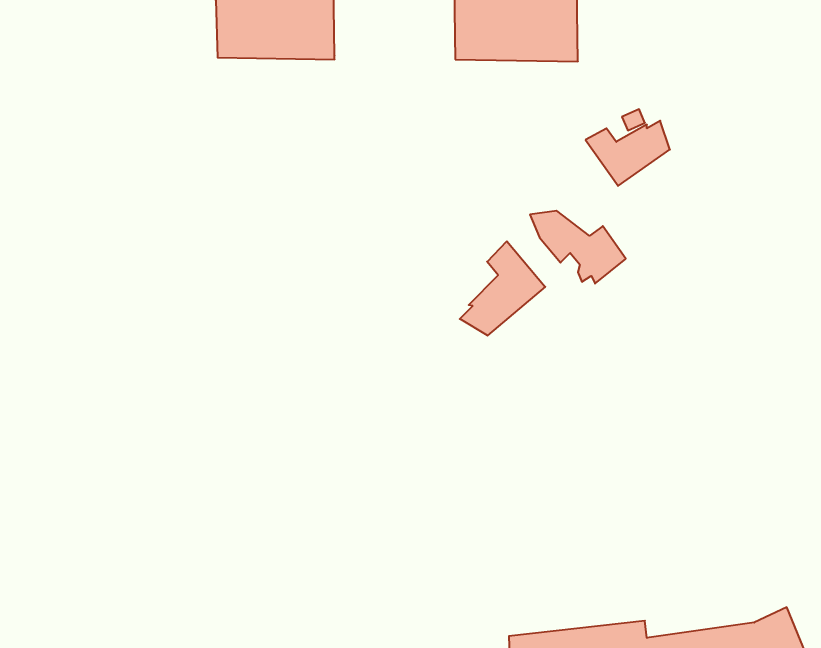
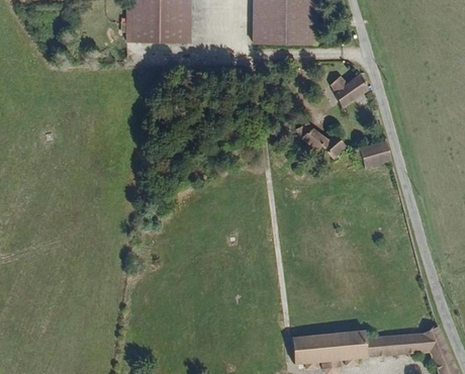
building: [460,241,545,336] -> none
building: none -> [359,137,388,163]

